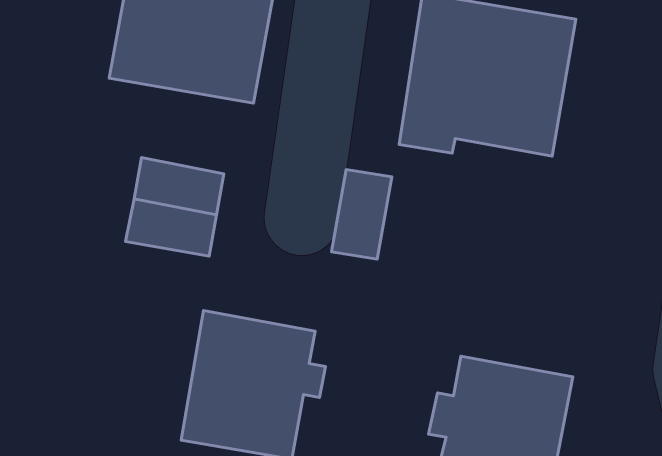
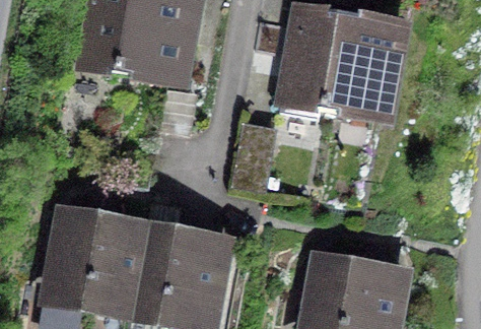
building: none -> [51,213,148,317]

